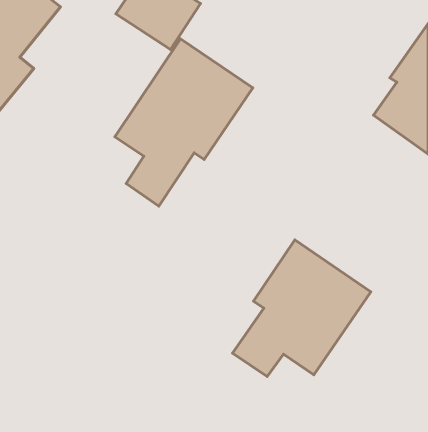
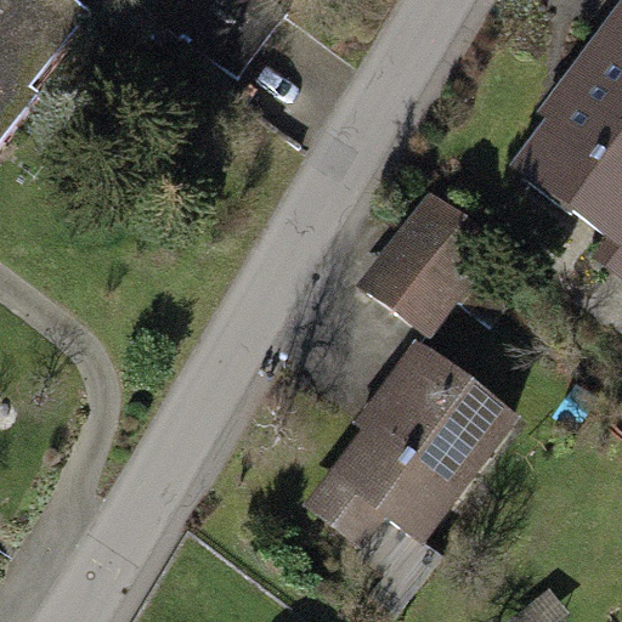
building: [115,39,253,206] -> none
building: none -> [355,215,475,329]

